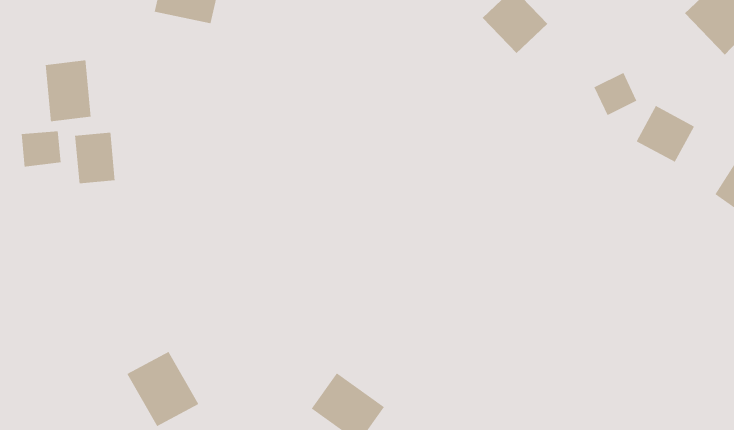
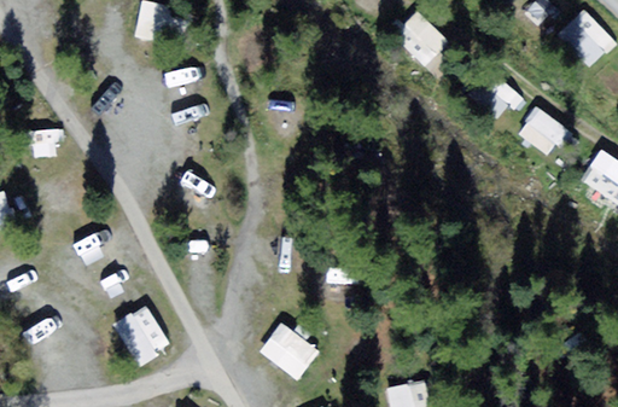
building: [45,60,91,122] -> none
building: [75,132,115,184] -> none

